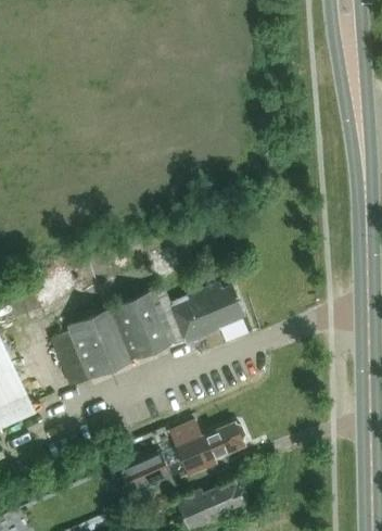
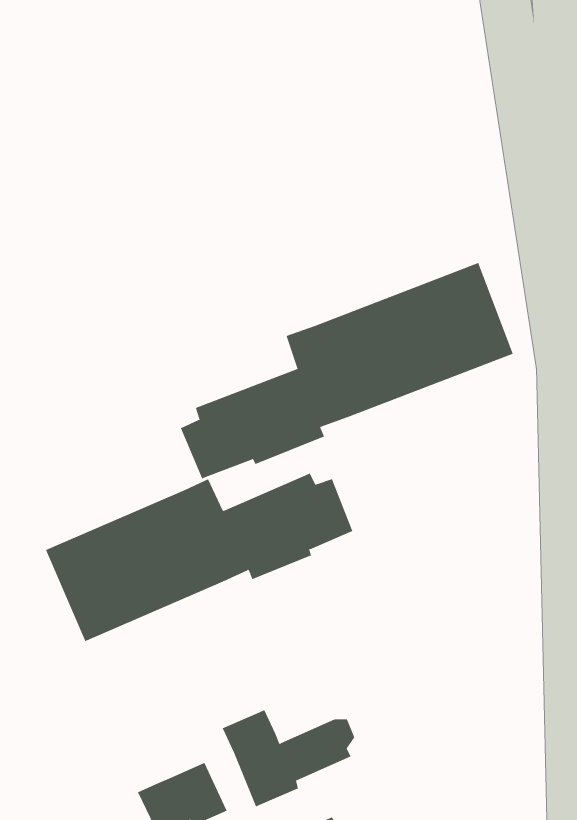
building: none -> [180,262,513,479]

